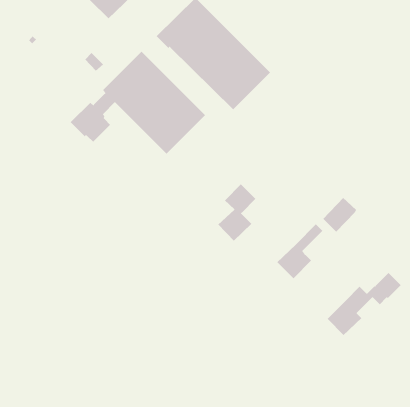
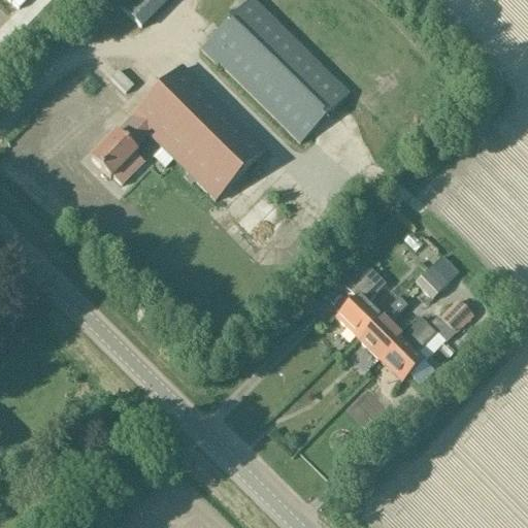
building: [218,184,256,242] -> [335,262,385,336]
building: [327,272,401,336] -> [377,298,473,380]

